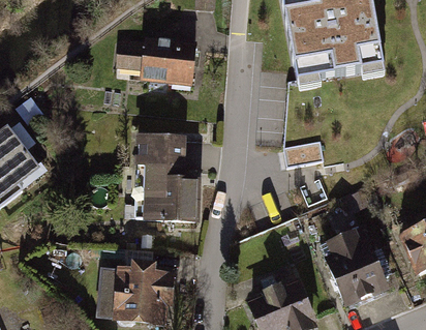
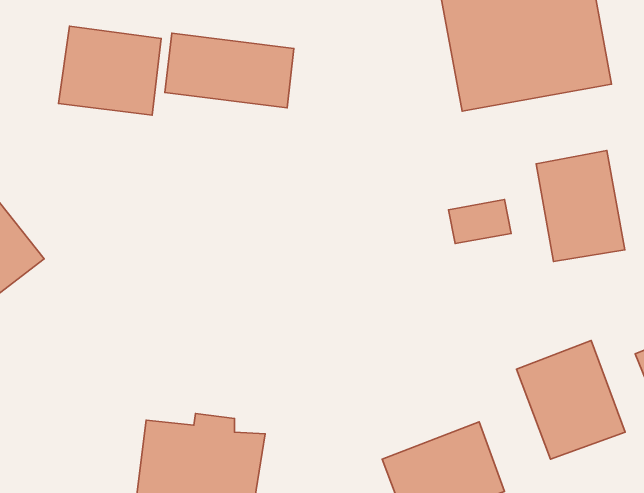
building: none -> [59,26,161,115]
building: none -> [536,150,625,262]
building: [136,137,203,228] -> none

